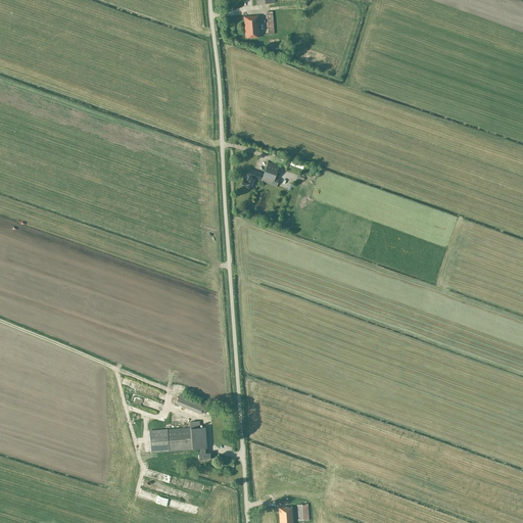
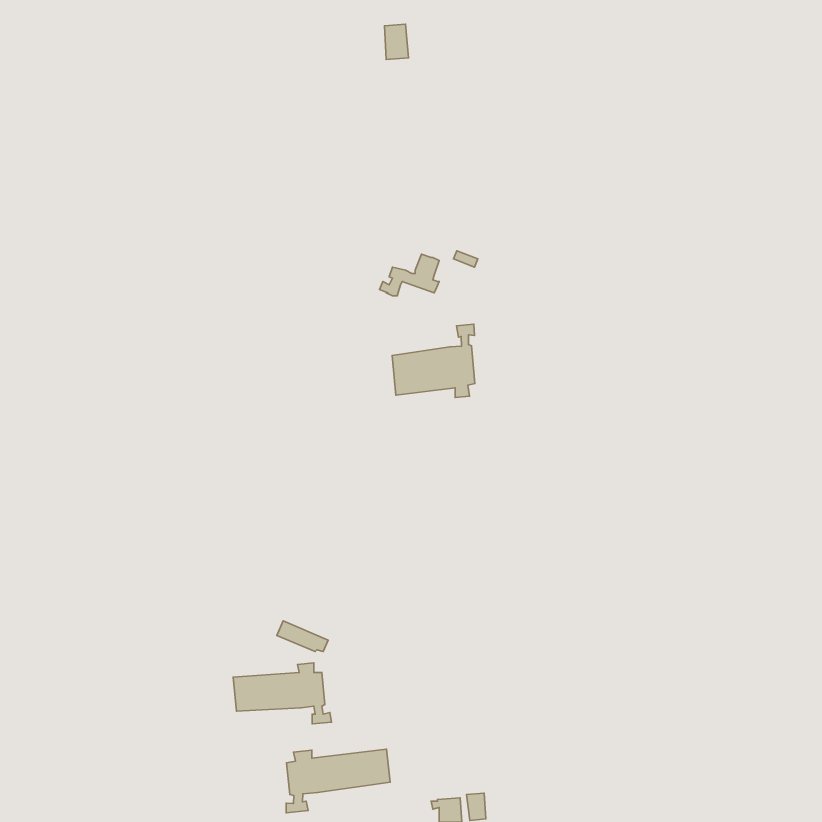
building: none -> [392,324,475,398]
building: none -> [286,749,390,813]

